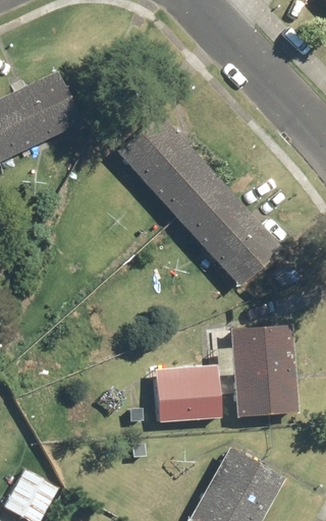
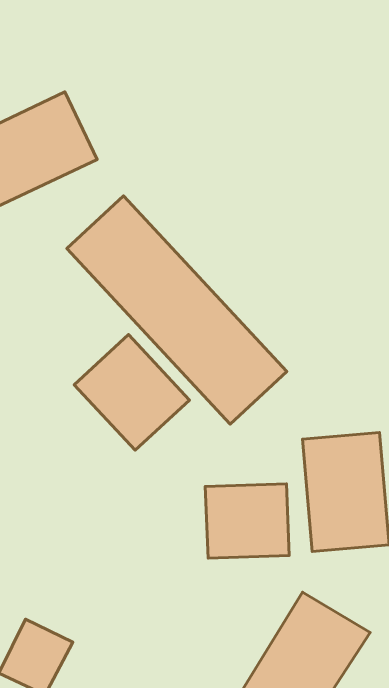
building: [116,114,282,286] -> [67,196,287,424]
building: none -> [74,335,190,450]

